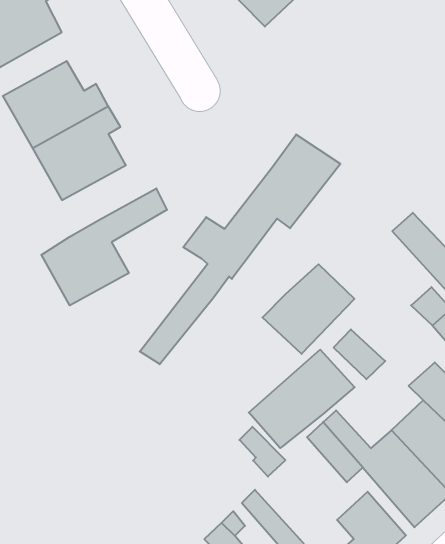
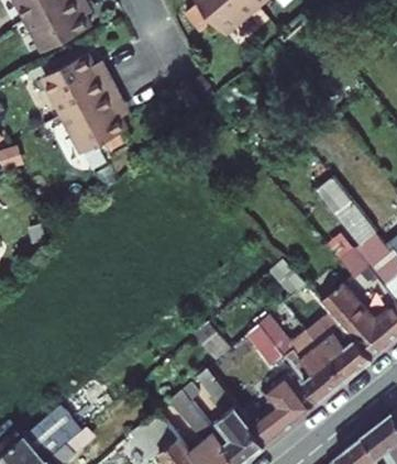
building: [140,134,340,364] -> none
building: [41,188,167,305] -> none
building: [262,264,354,354] -> none
building: [249,350,355,448] -> none

